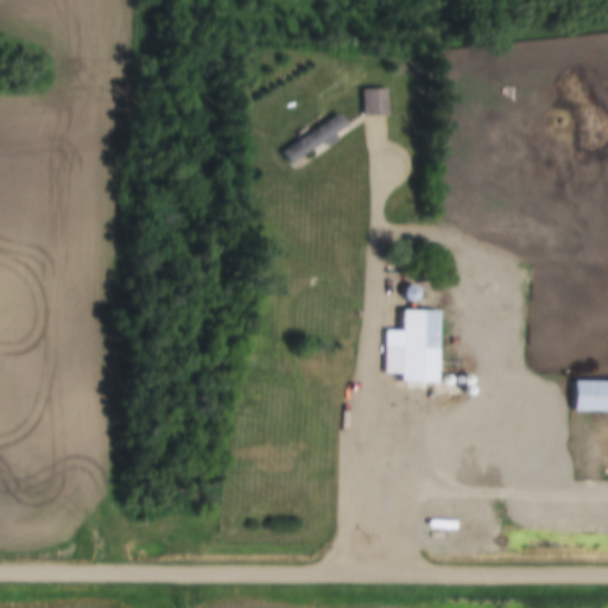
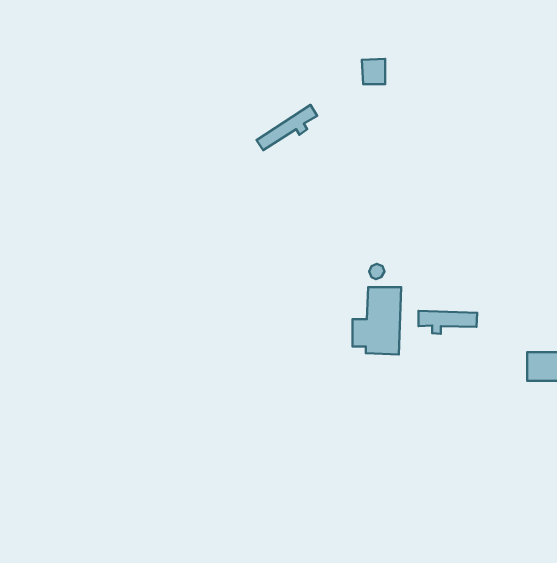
building: [366,87,391,114] -> [362,59,385,84]
building: none -> [418,311,477,334]

